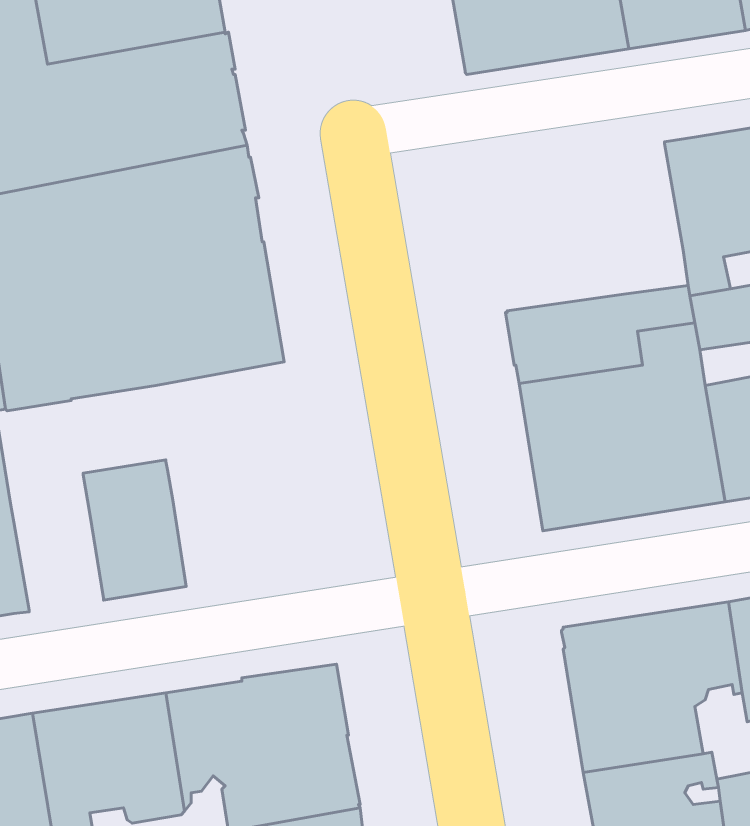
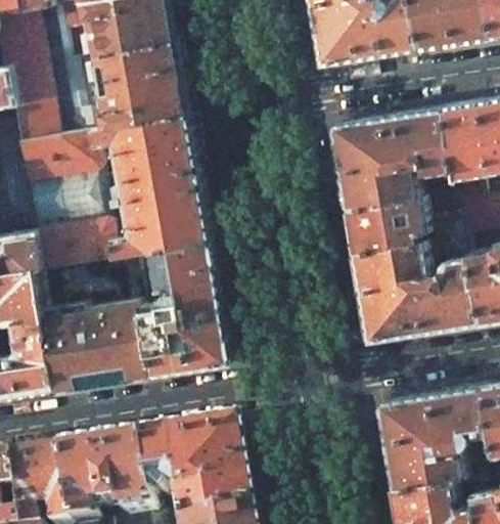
building: none -> [327,105,449,207]
building: none -> [130,237,228,374]
building: none -> [44,305,98,388]

